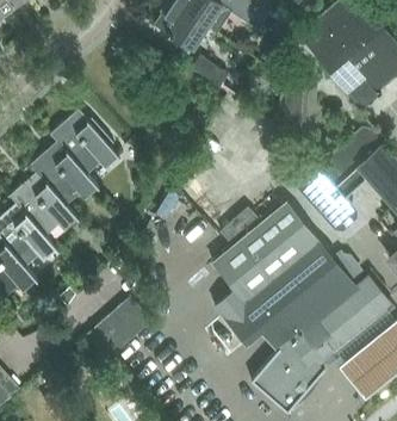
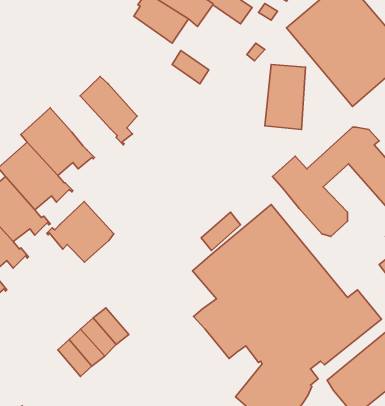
building: none -> [80,76,137,145]
building: none -> [47,202,114,262]

